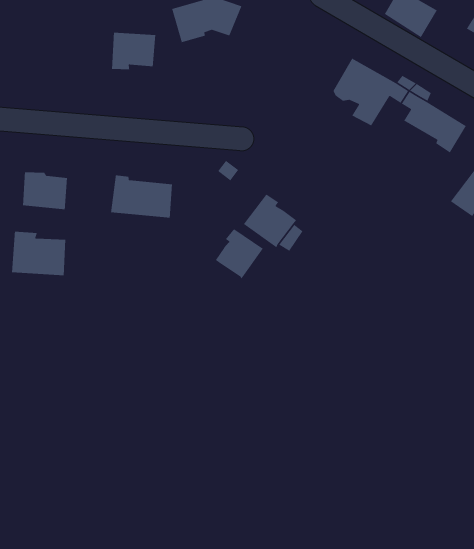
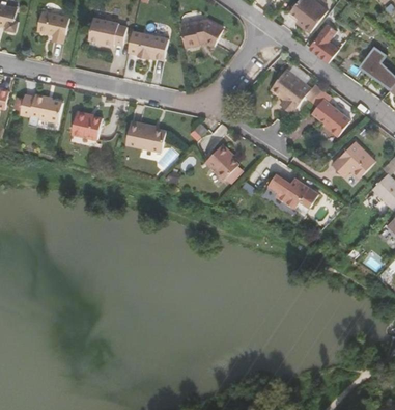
building: none -> [87,19,126,46]
building: [215,228,264,280] -> none
building: none -> [269,174,318,208]
building: [11,231,66,276] -> none

